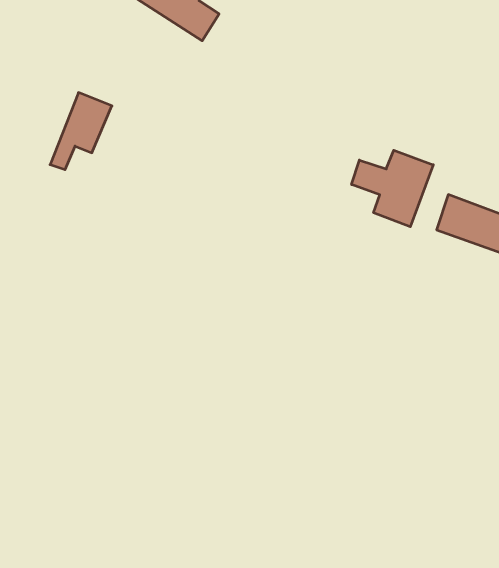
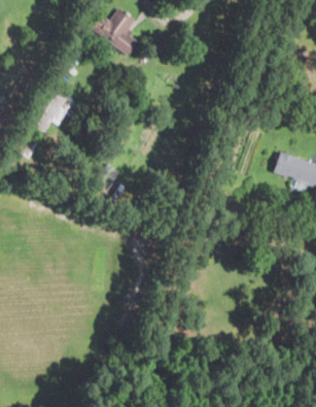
building: [352,150,433,227] -> none

